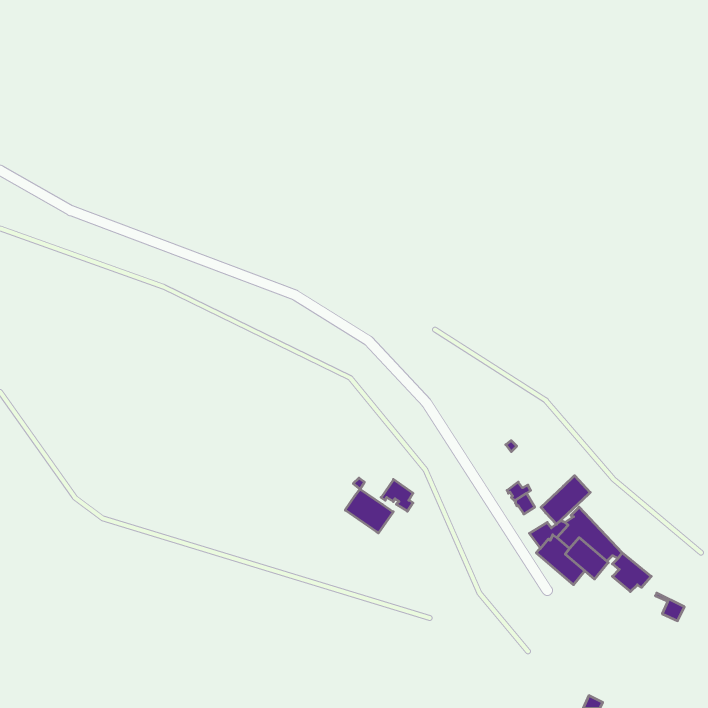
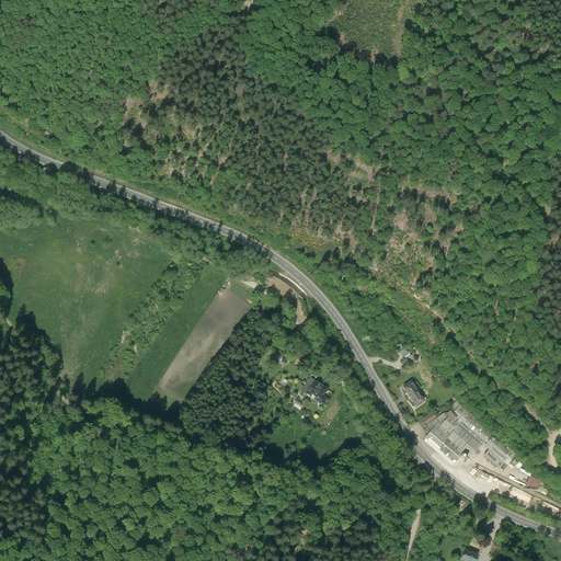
building: [541,476,590,524] -> none
building: [345,489,393,533] -> none

